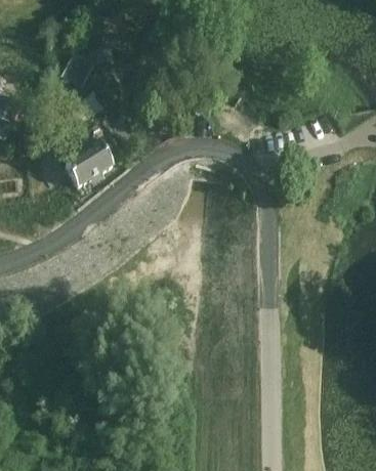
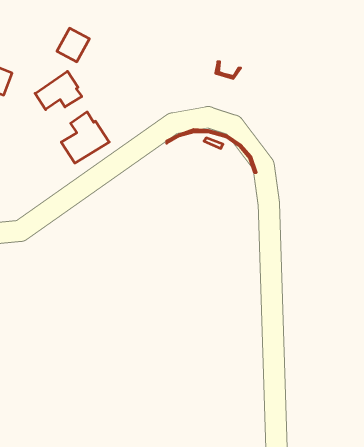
building: none -> [35,71,82,110]

